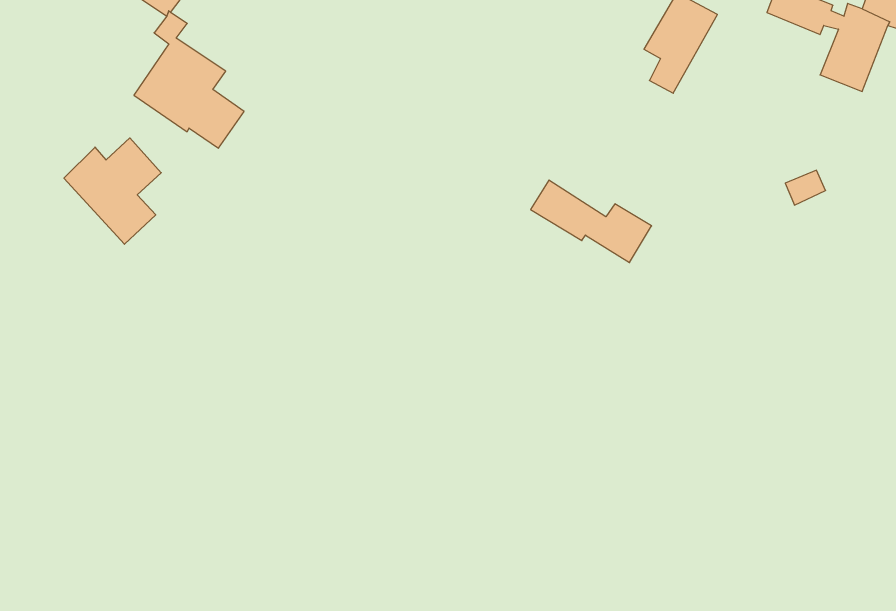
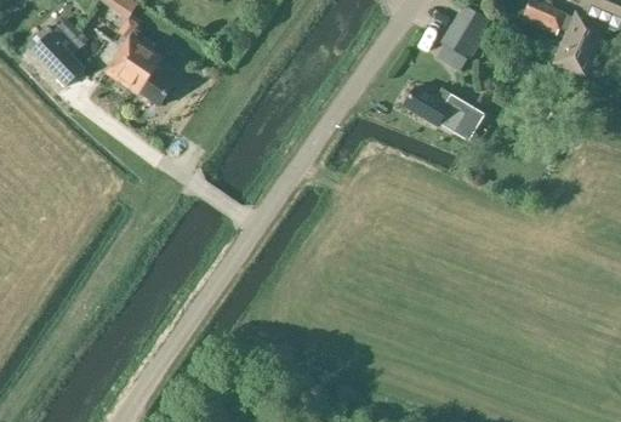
building: [64,138,161,244] -> [25,18,90,89]
building: [531,180,652,263] -> [405,85,485,139]

